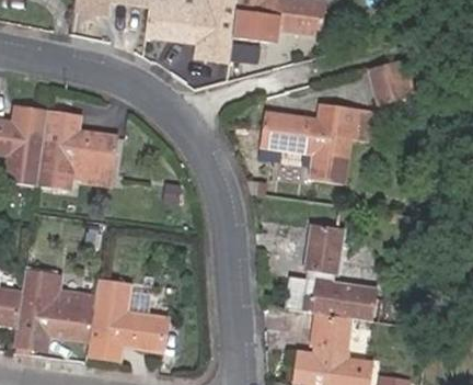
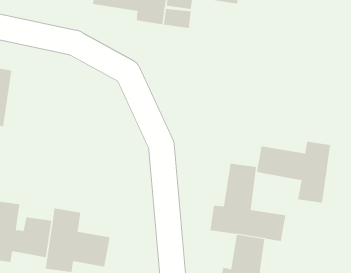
building: [369,60,407,102] -> none
building: [262,107,351,182] -> [256,141,331,203]
building: [39,114,119,188] -> none

